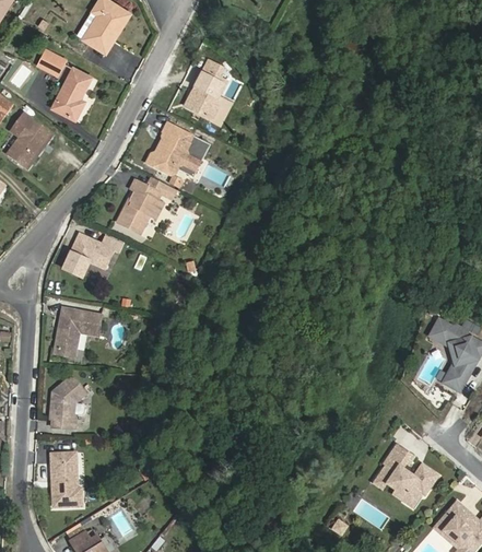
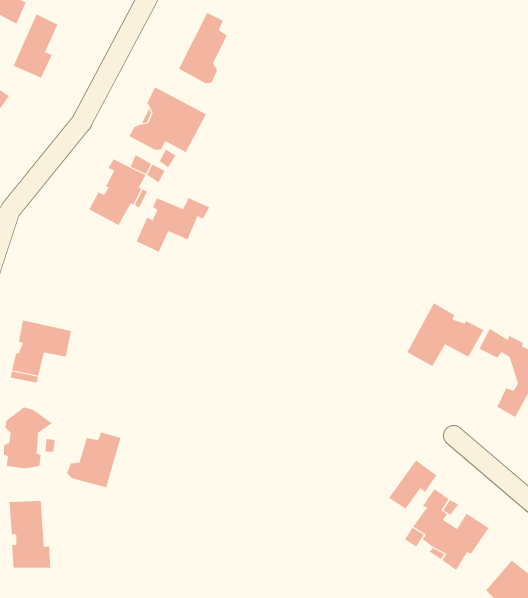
building: [62,234,121,278] -> [136,197,210,253]
building: none -> [407,302,484,367]
building: none -> [67,431,121,488]
building: none -> [388,460,437,510]

